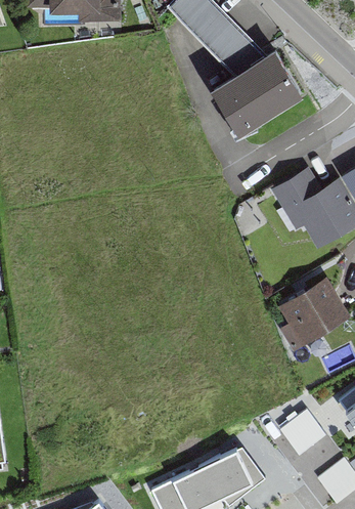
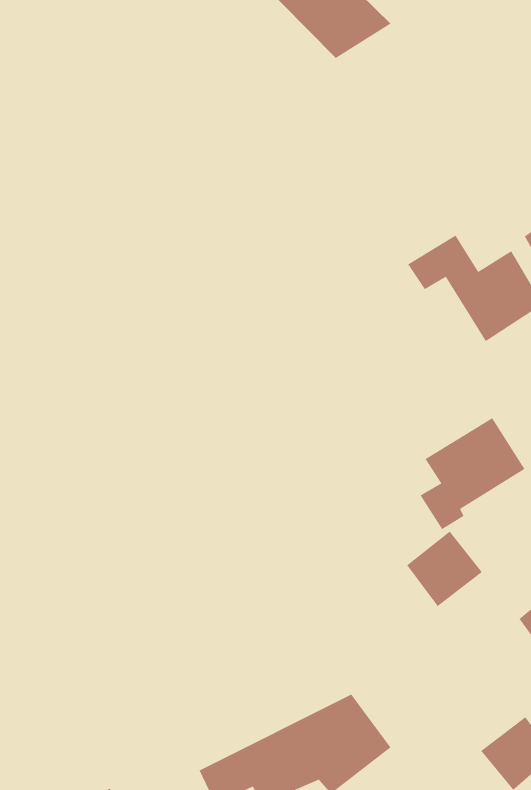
building: [211,46,302,131] -> none
building: [279,411,324,456] -> [406,530,483,607]

